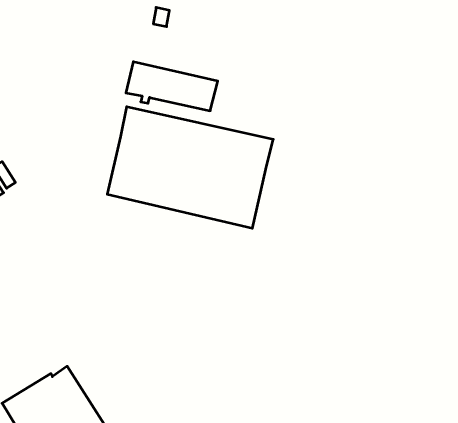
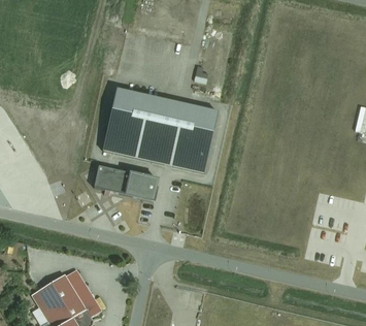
building: [126,62,218,111] -> [95,166,159,200]

